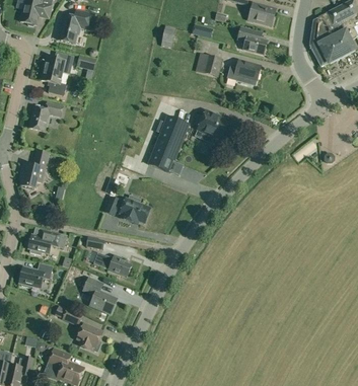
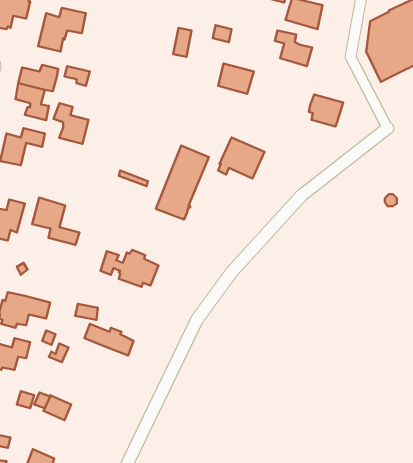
building: [234,61,261,85] -> [309,95,343,126]
building: none -> [54,103,89,144]
building: none -> [32,197,79,245]
building: [83,278,117,314] -> none
building: [77,324,102,352] -> none

